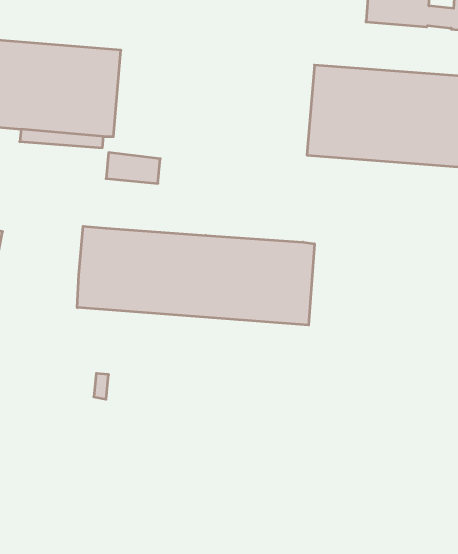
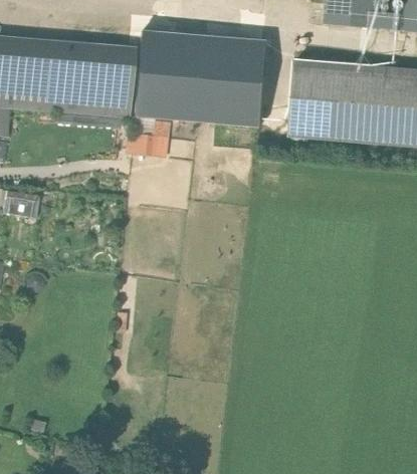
building: none -> [134,31,266,125]
building: [77,226,314,325] -> none

